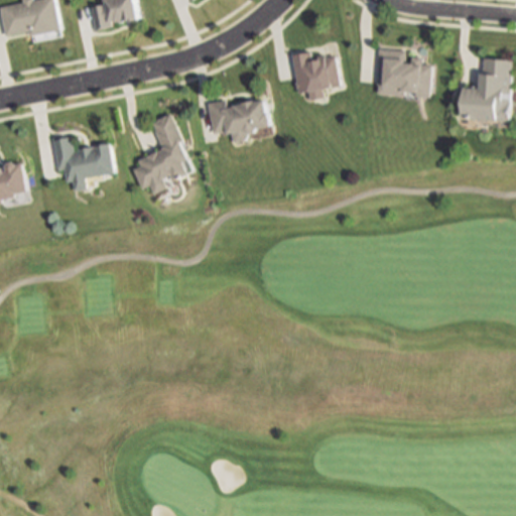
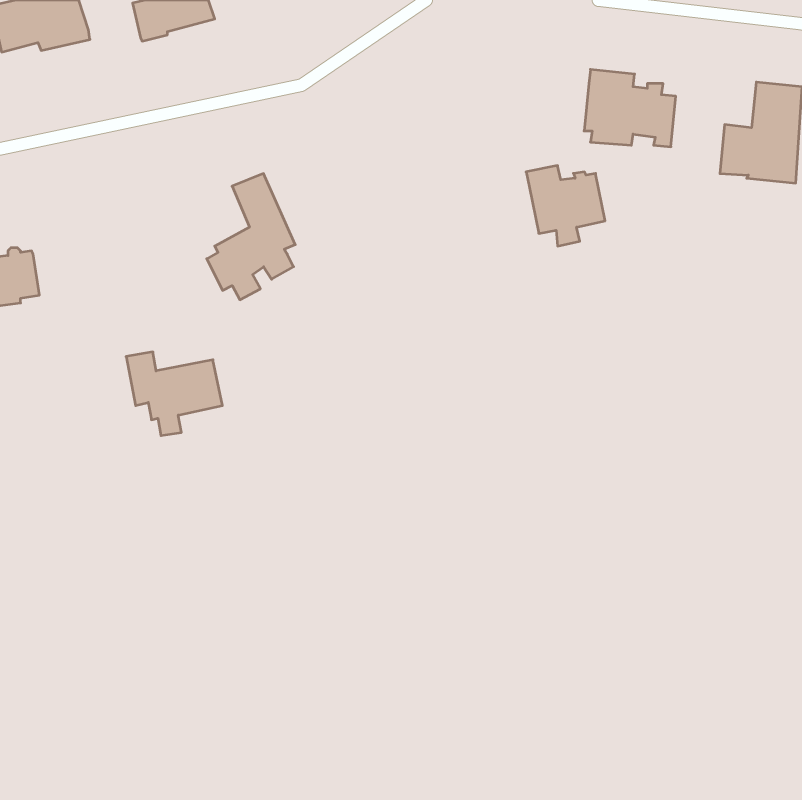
building: [289,50,340,102] -> [526,166,605,246]
building: [206,98,269,143] -> none
building: [50,138,112,191] -> [126,352,222,436]

